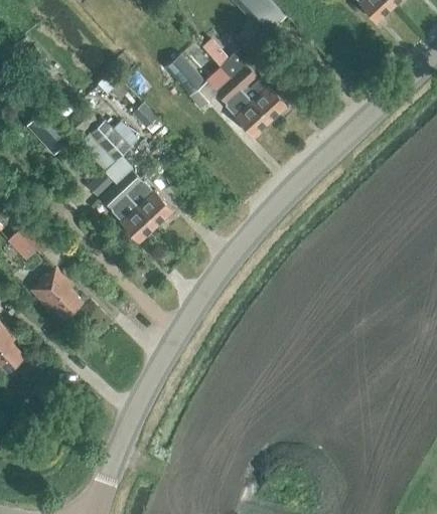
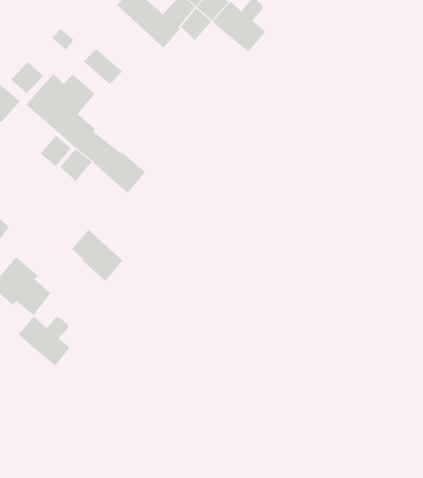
building: [226,93,269,137] -> none
building: [111,196,154,242] -> [70,228,124,282]
building: none -> [17,316,70,366]

